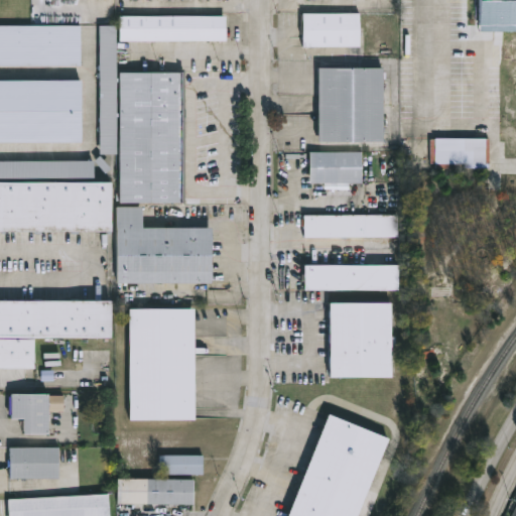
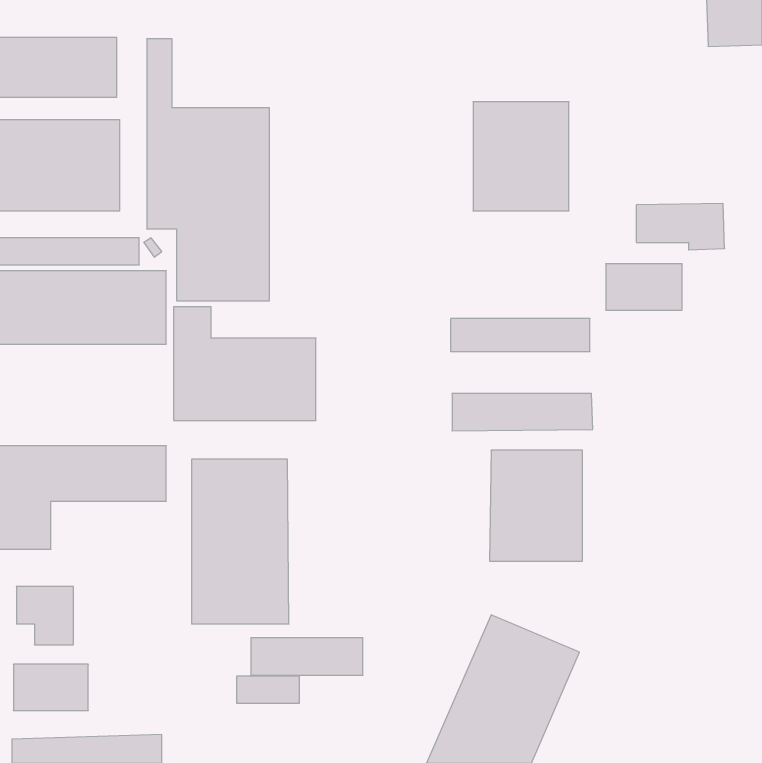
building: [302,13,360,46] -> none
building: [118,16,225,40] -> none
building: [310,152,362,183] -> [606,264,682,310]
building: [117,479,192,504] -> [251,638,363,675]

